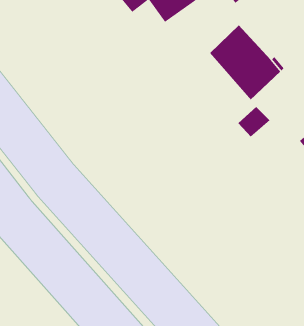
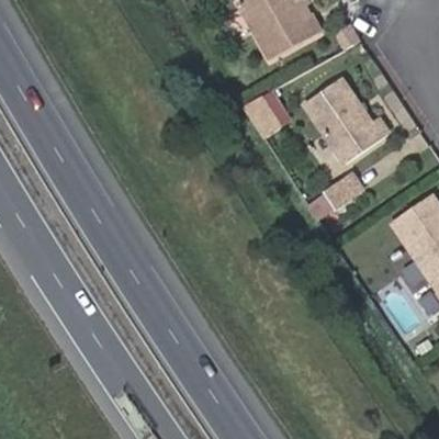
building: none -> [247,85,295,133]

